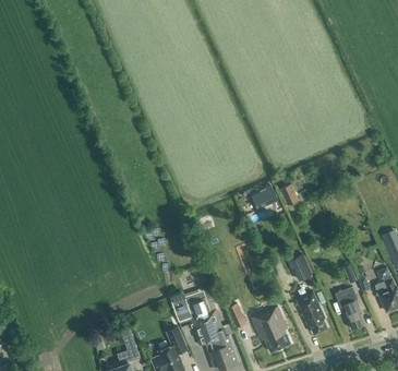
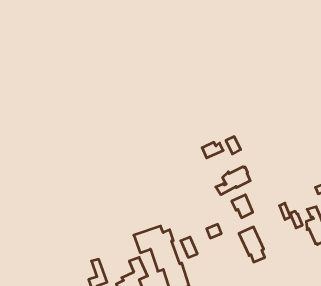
building: none -> [216,167,250,195]
building: [336,287,365,330] -> none
building: [252,307,291,352] -> none

